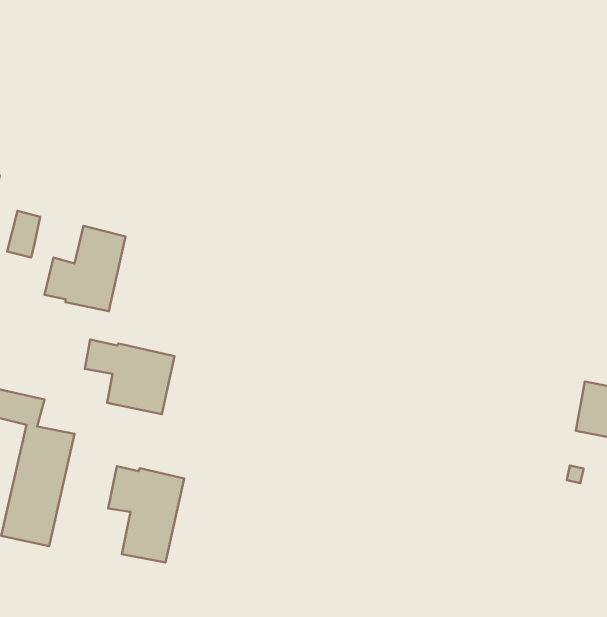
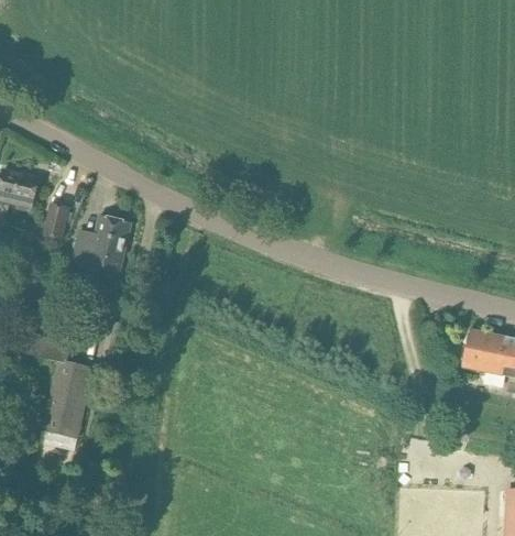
building: [85,339,175,414] -> none
building: [108,466,184,563] -> none

